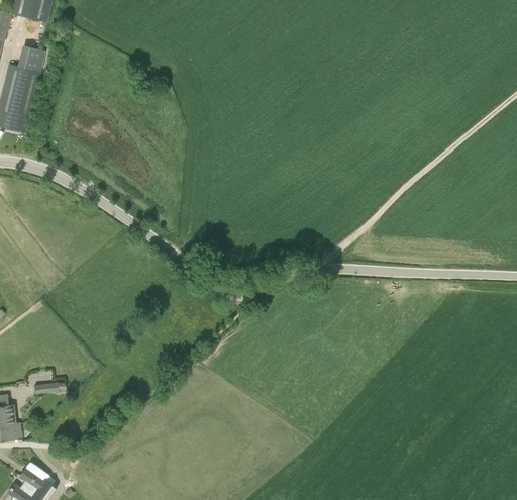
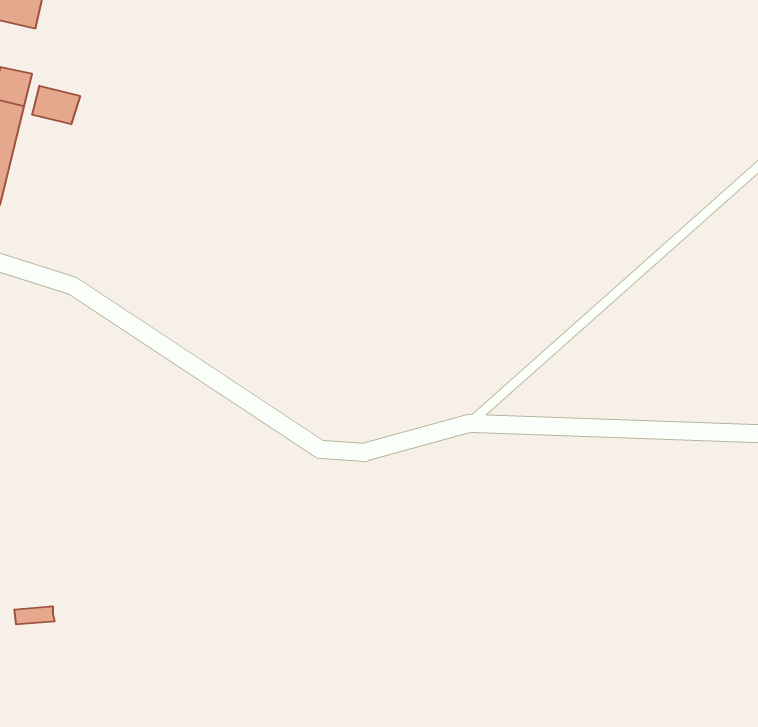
building: none -> [32,86,80,124]

